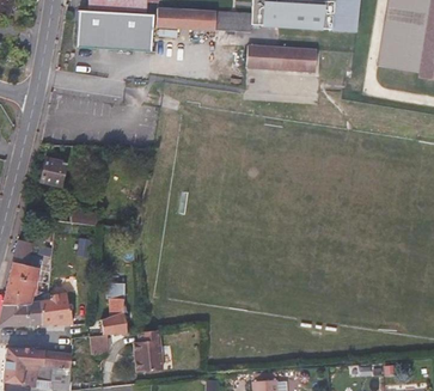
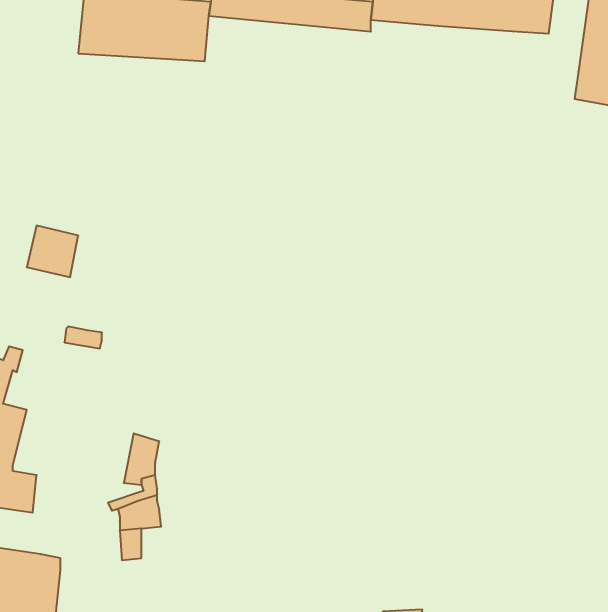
building: [238,53,308,79] -> none
building: [44,295,75,326] -> none
building: [135,326,165,368] -> none

